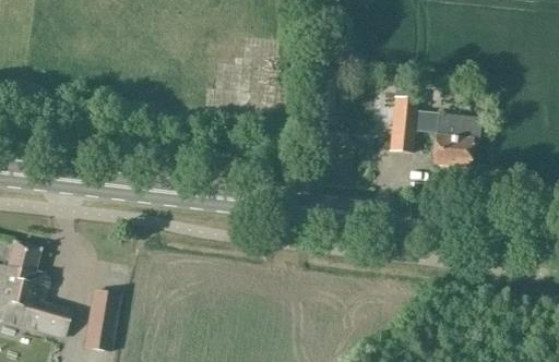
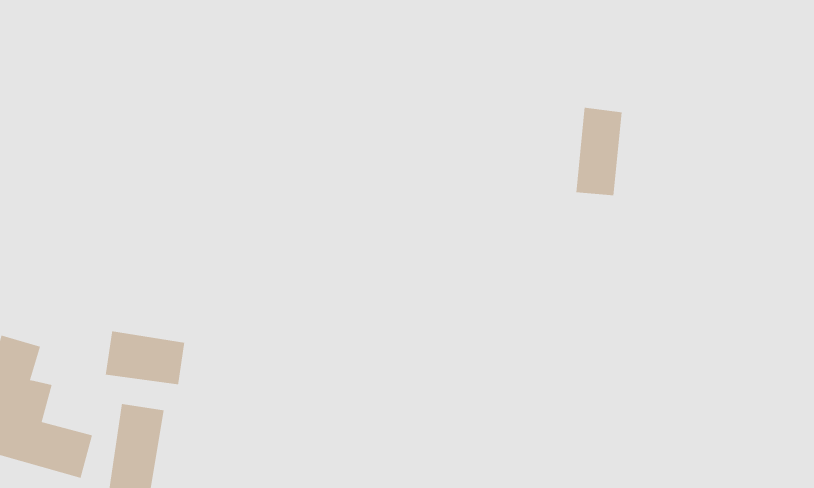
building: [432,113,480,168] -> none
building: none -> [105,330,185,385]

